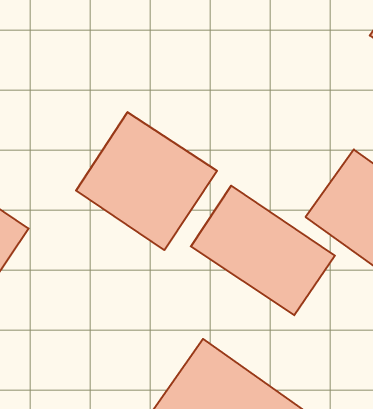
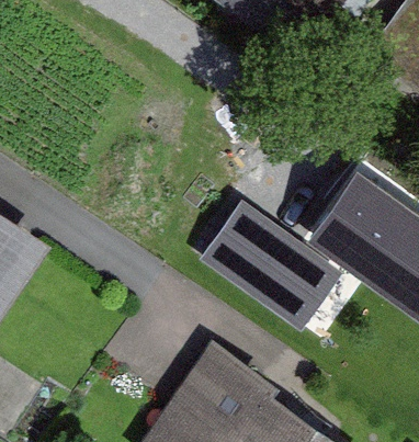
building: [76,112,217,250] -> none

